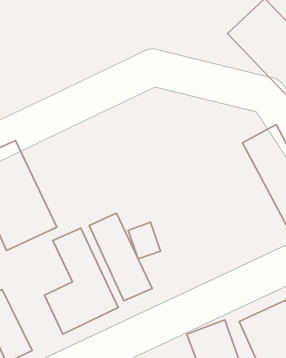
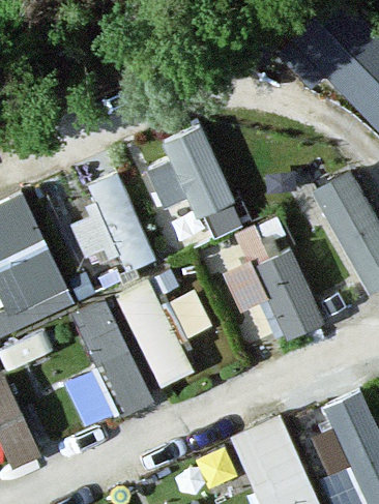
building: none -> [142,126,243,240]
building: none -> [69,184,155,284]
building: none -> [226,247,321,342]

